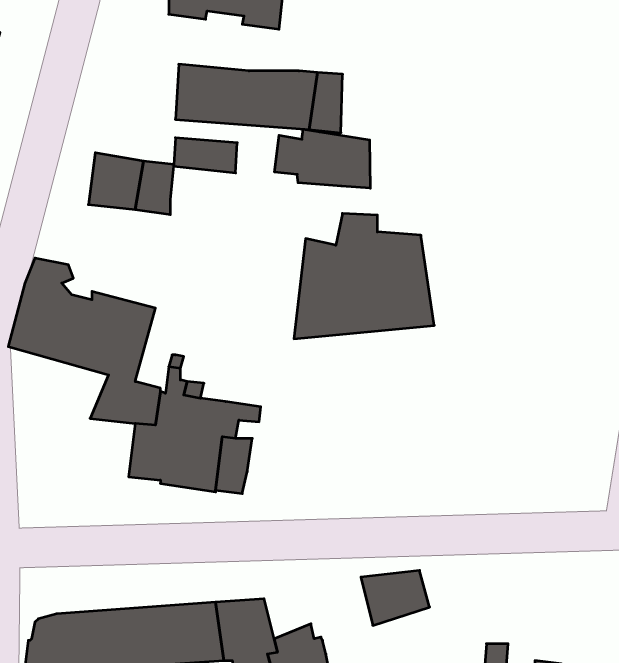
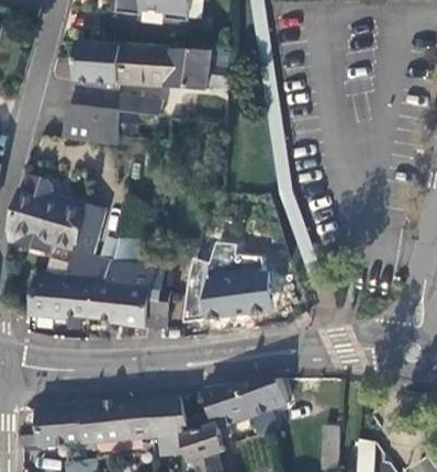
building: none -> [75,41,121,82]
building: [275,129,370,188] -> none
building: [294,213,434,339] -> [186,246,278,328]
building: none -> [29,277,92,318]
building: none -> [203,383,248,425]

